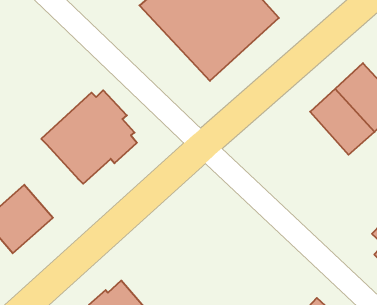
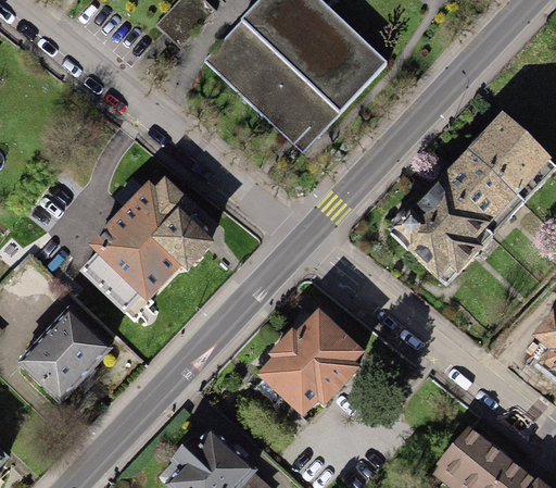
building: none -> [394,182,493,277]
building: none -> [80,253,141,313]
building: none -> [255,310,365,417]

